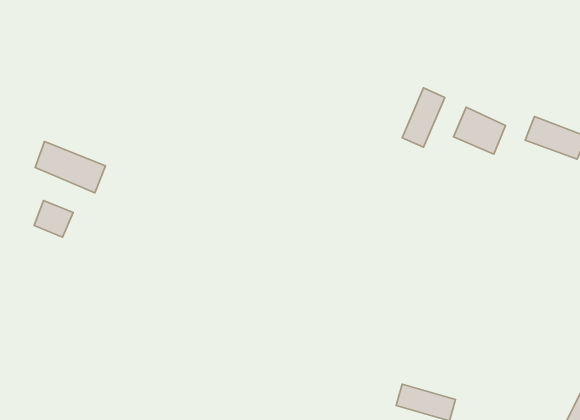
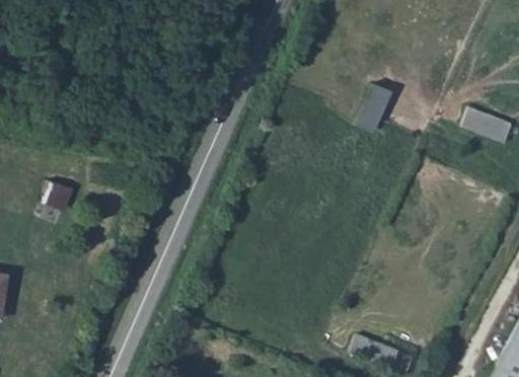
building: [454,107,506,154] -> none
building: [35,142,105,193] -> none

